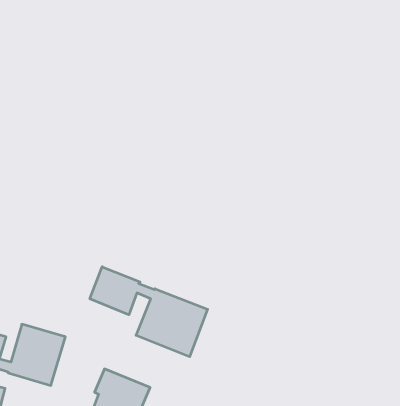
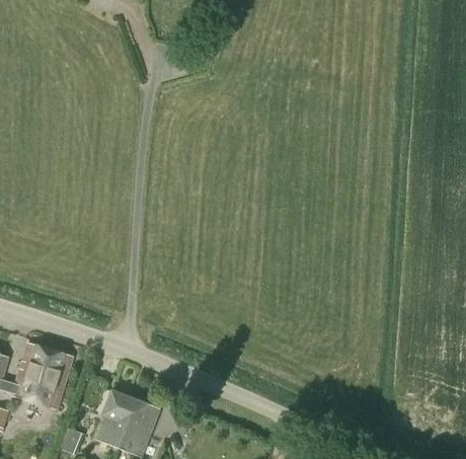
building: [90,267,208,357] -> none

